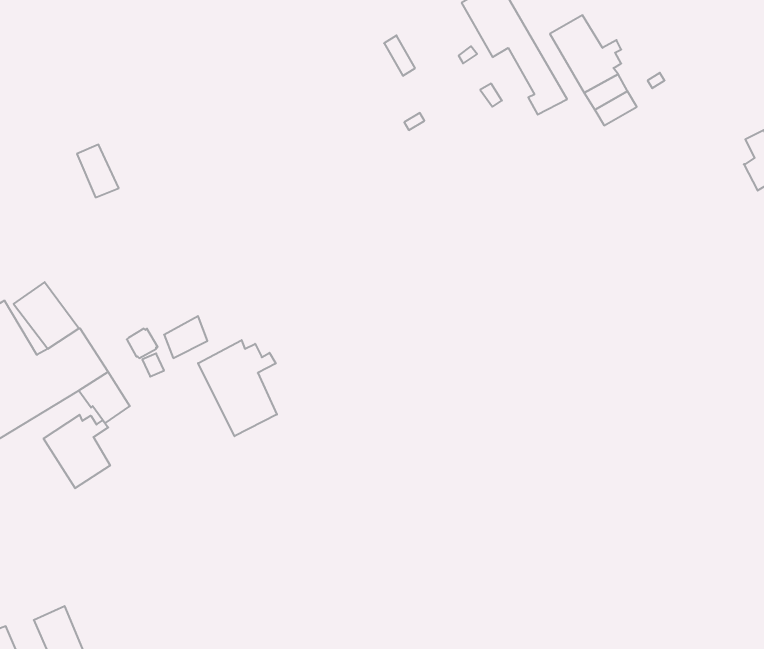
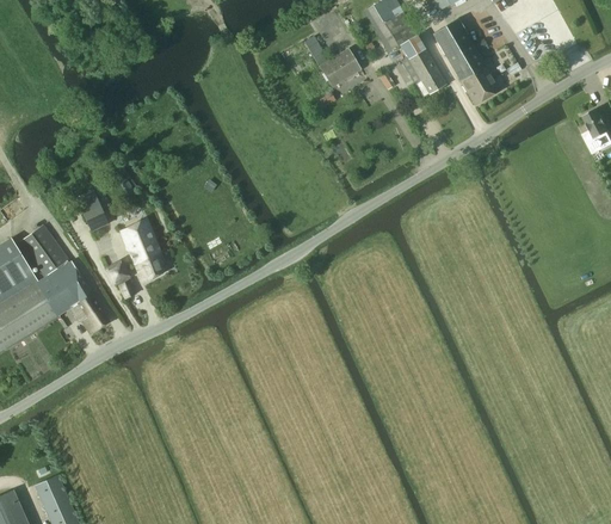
building: none -> [319,48,359,86]
building: [77,145,119,197] -> [76,190,109,230]
building: none -> [119,217,161,265]
building: [198,340,277,436] -> none
building: [44,415,110,488] -> none

